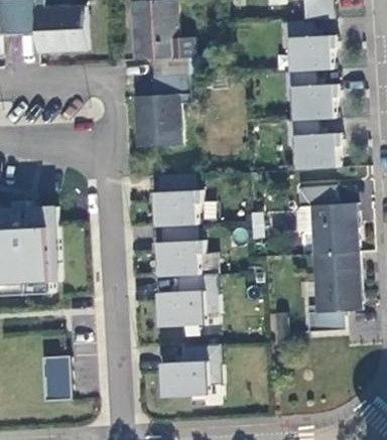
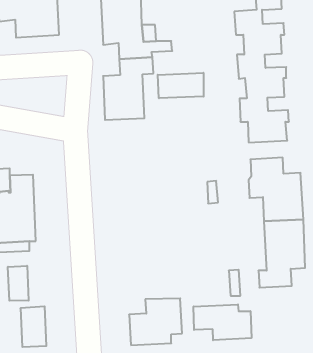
building: none -> [158,73,204,98]
building: [154,174,218,326] -> none
building: none -> [8,266,29,301]
building: none -> [194,304,251,340]

